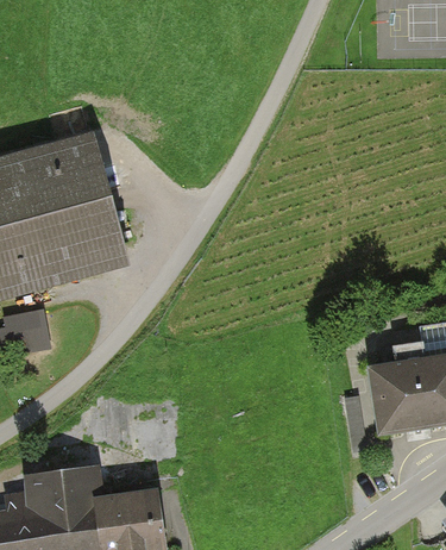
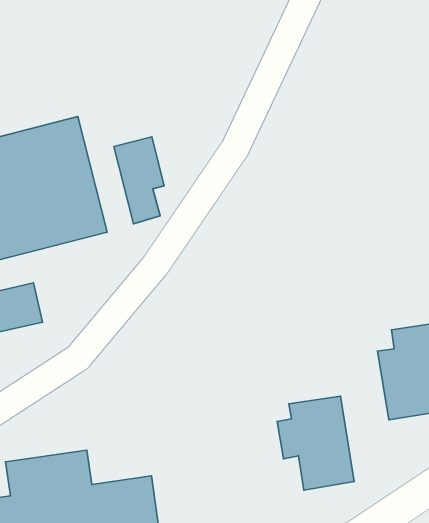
building: none -> [114,137,164,224]
building: none -> [277,396,354,490]

